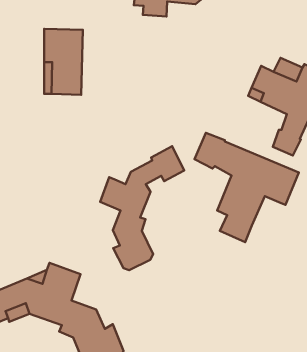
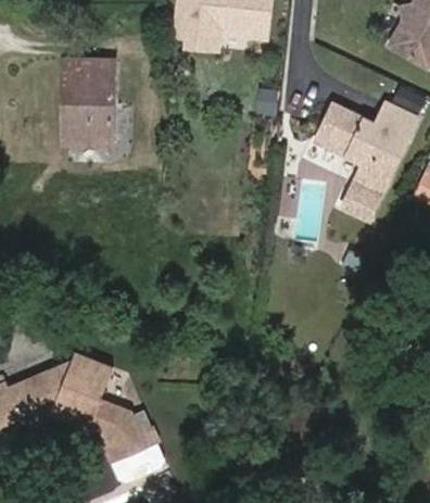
building: [194,133,299,242] -> none
building: [100,146,184,270] -> none

